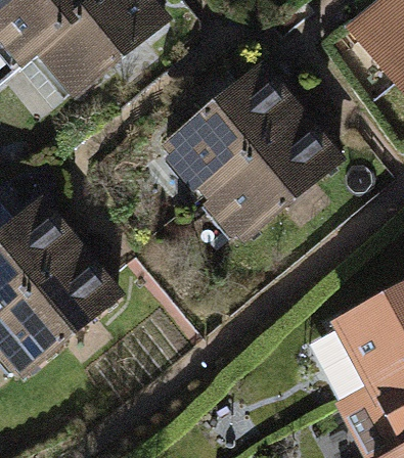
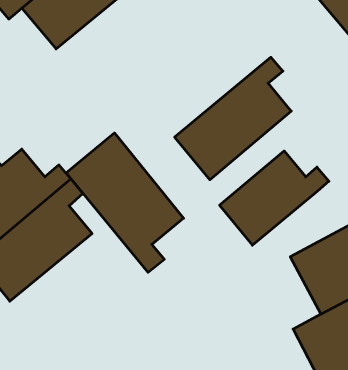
building: [165,71,310,192] -> none
building: none -> [66,133,184,272]
building: none -> [220,151,329,245]

